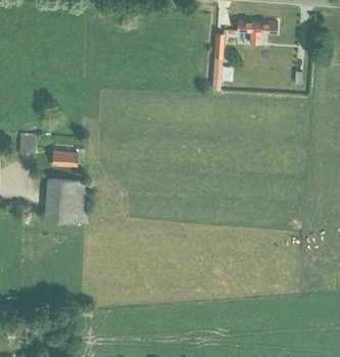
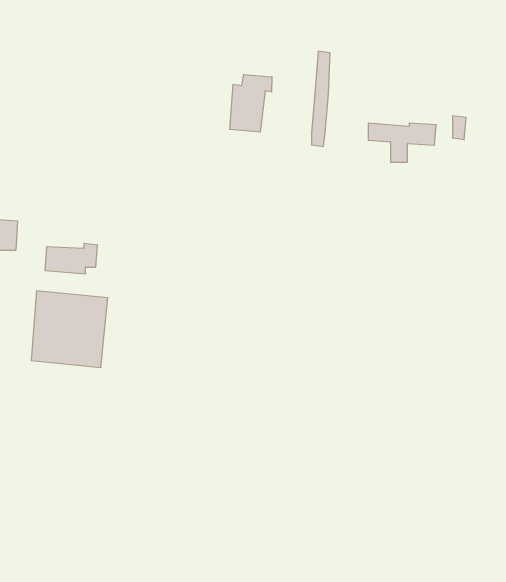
building: [236,20,277,44] -> [368,123,436,162]
building: none -> [230,74,272,132]

